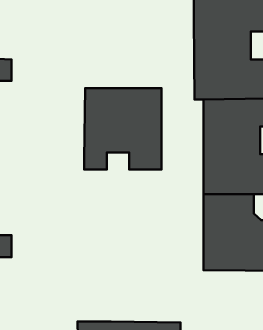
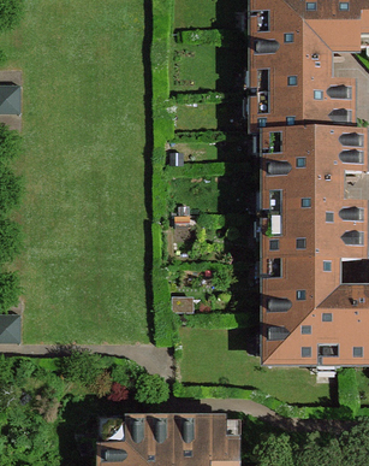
building: [84,88,162,170] -> none

